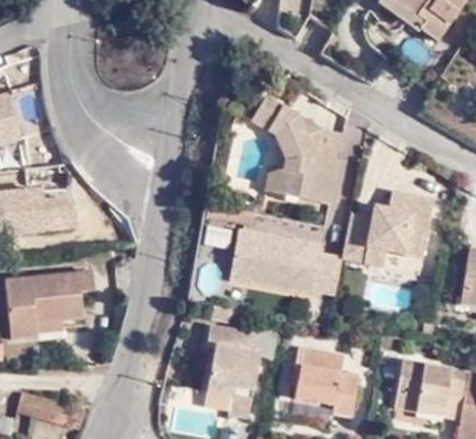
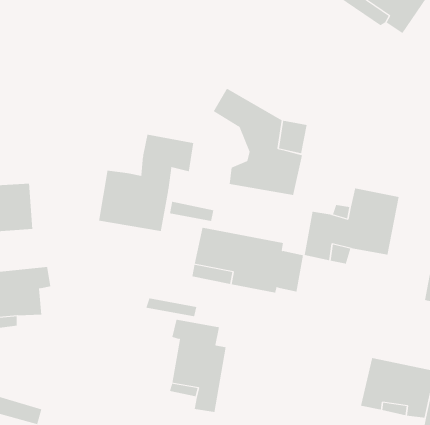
building: none -> [99,134,194,232]
building: [296,346,364,416] -> none

